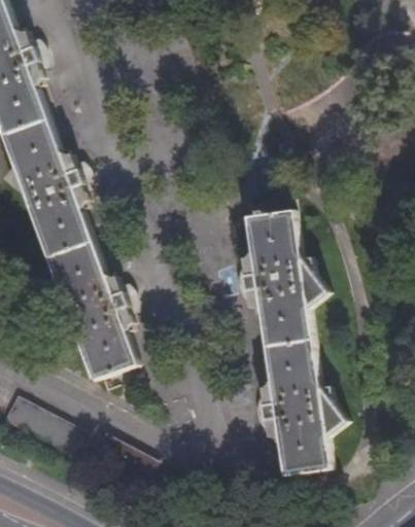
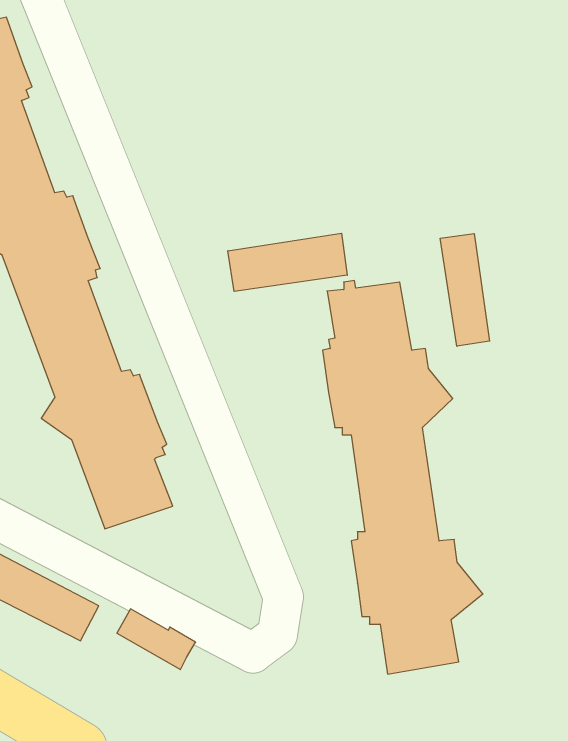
building: none -> [228,233,347,291]
building: none -> [440,234,490,346]

